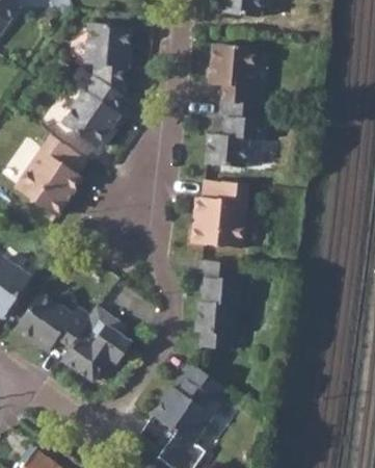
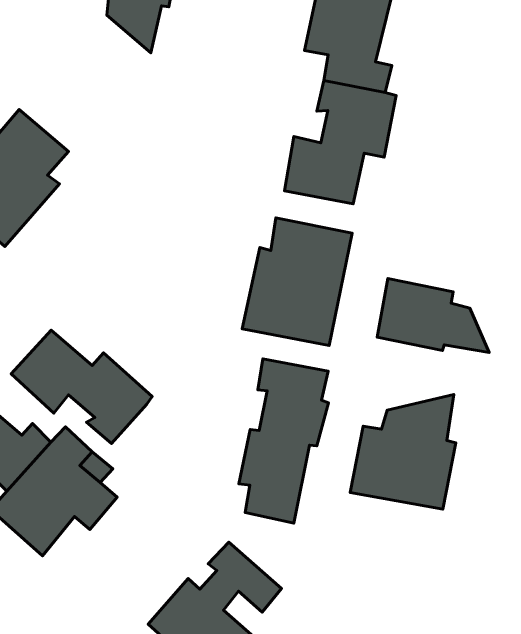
building: [62,75,126,147] -> none
building: none -> [377,278,489,353]
building: none -> [11,330,152,444]
building: none -> [350,394,456,509]

